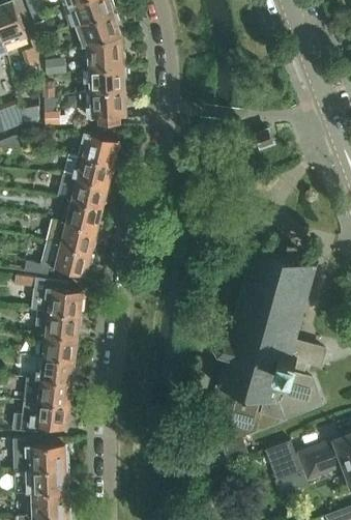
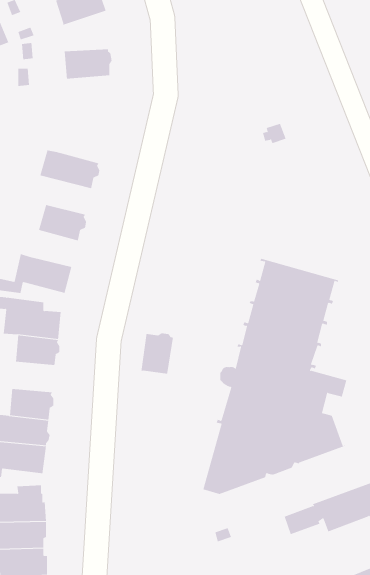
building: [83,34,124,68] -> none
building: [80,89,126,125] -> none
building: [80,131,119,164] -> none
building: [58,174,108,207] -> none
building: [57,221,96,252] -> none
building: none -> [141,332,173,375]
building: [39,333,78,358] -> none

